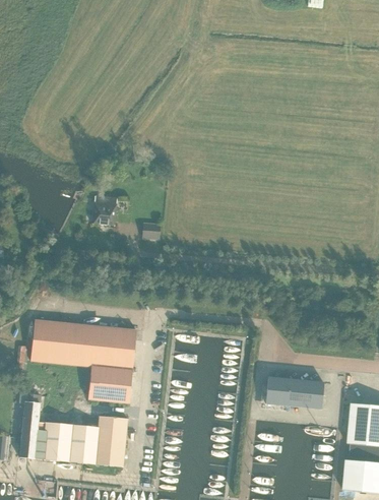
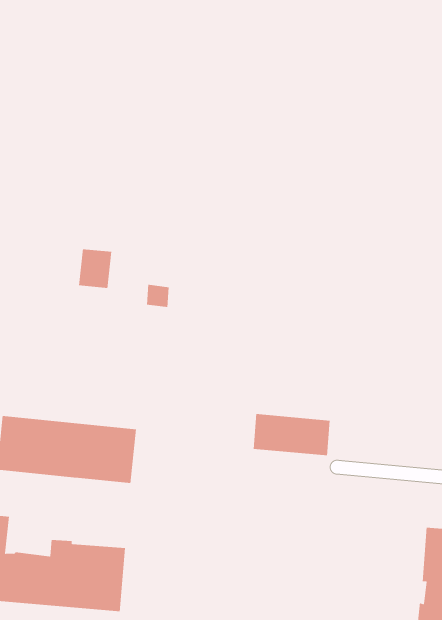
building: [87,366,132,402] -> none
building: [265,376,323,408] -> [253,414,330,456]

